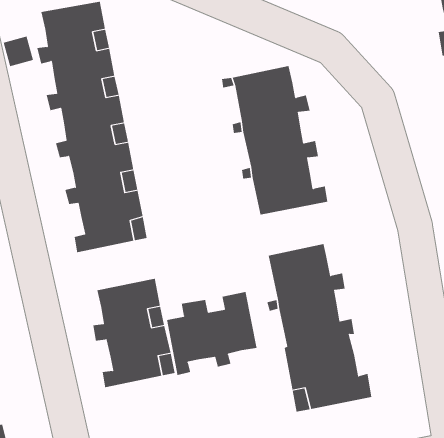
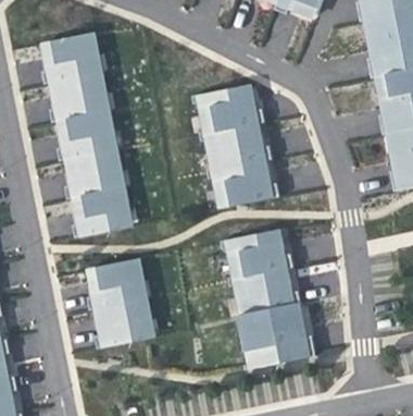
building: [166,291,257,376] -> none

